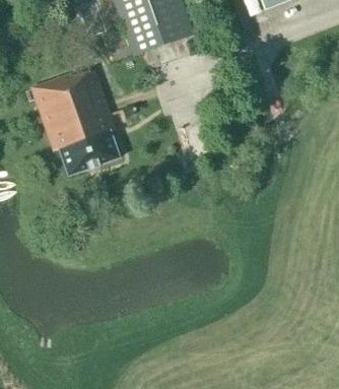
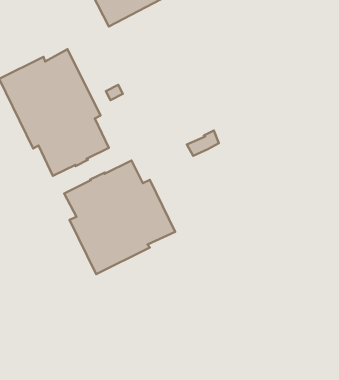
building: none -> [64,160,175,274]

